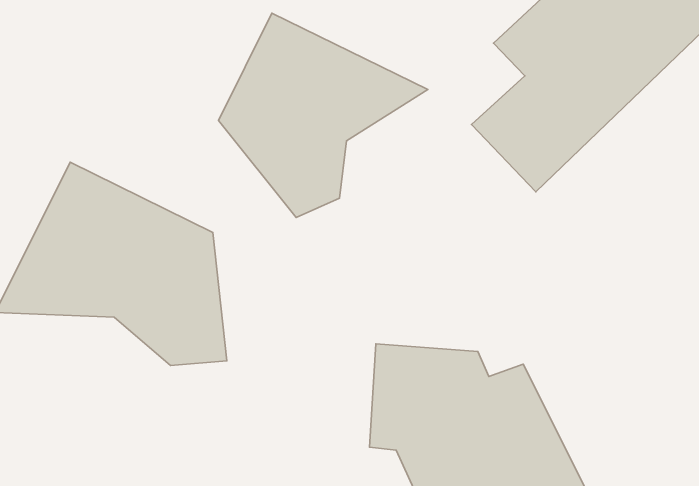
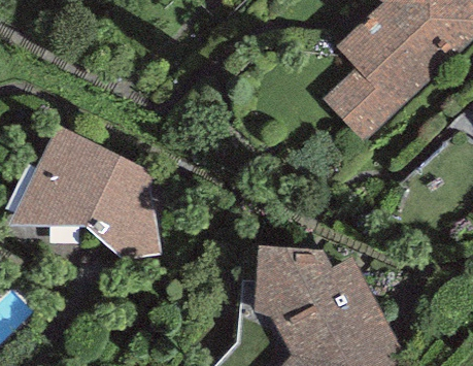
building: [218,13,428,217] -> none

